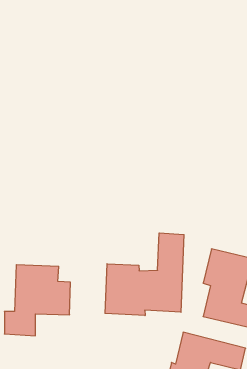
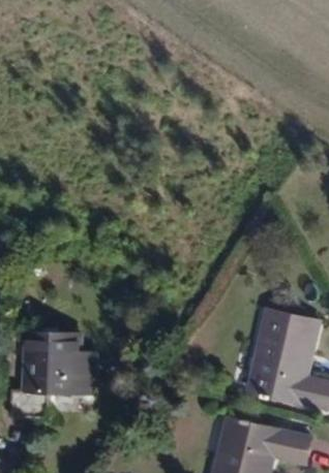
building: [105,233,184,316] -> none

